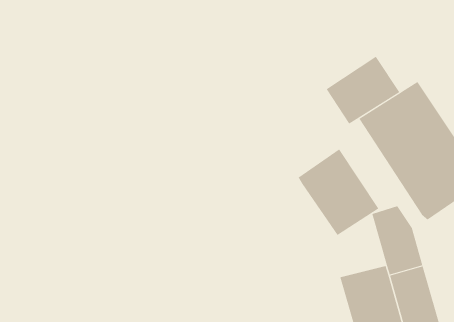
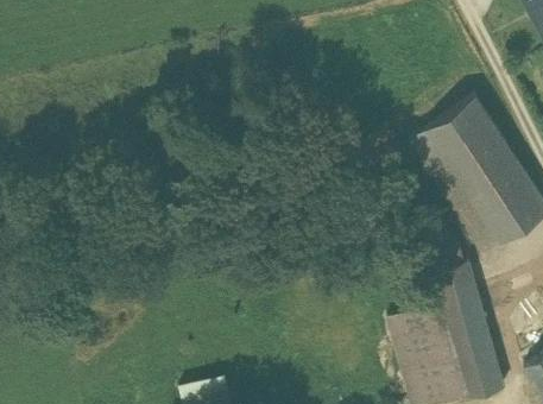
building: [326,56,400,125] -> none
building: [298,148,379,236] -> none

